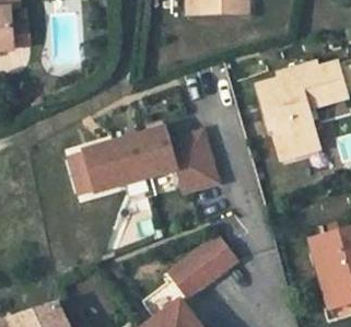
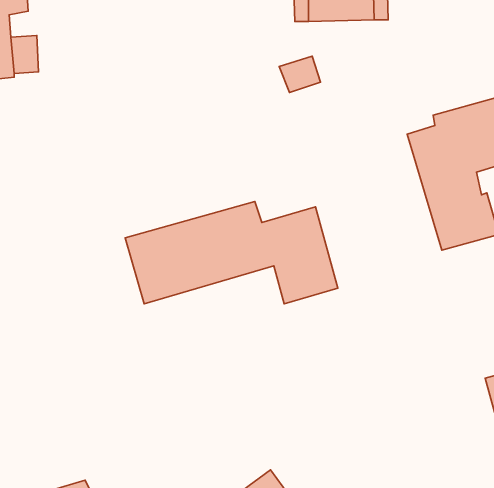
building: [161,232,236,300] -> none

